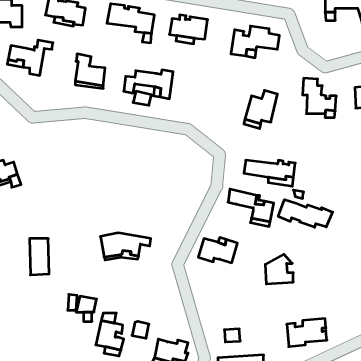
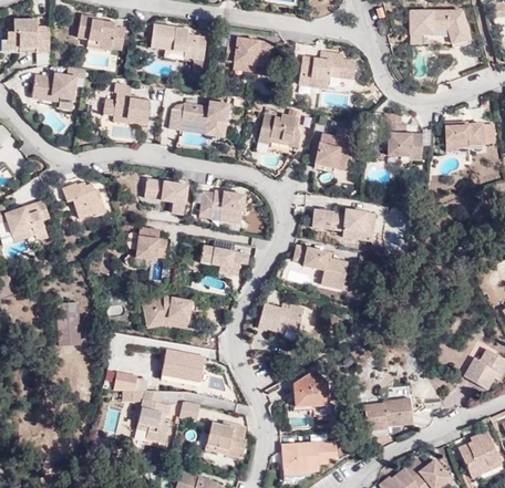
building: none -> [259,111,300,146]
building: none -> [145,179,187,215]
building: none -> [63,184,106,219]
building: none -> [200,193,245,219]
building: none -> [136,227,167,261]
building: none -> [200,246,249,274]
building: [278,200,333,227] -> none
building: [265,254,293,284] -> [295,371,328,406]
building: none -> [161,350,206,386]

